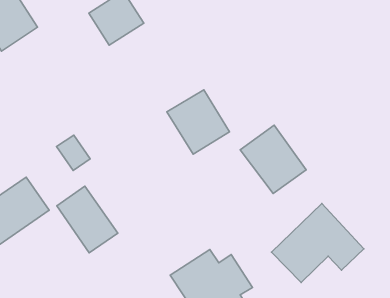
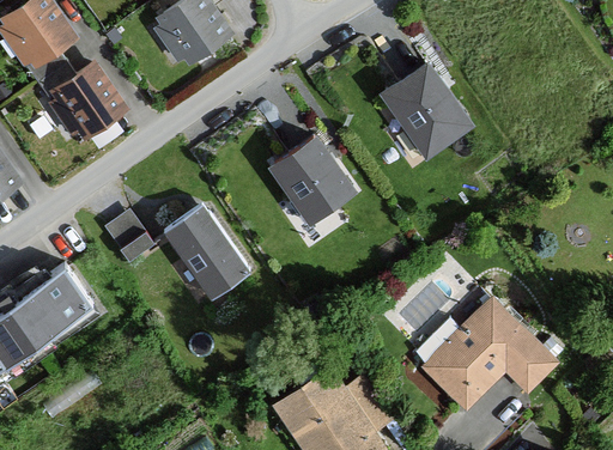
building: none -> [43,59,129,144]
building: [240,125,306,194] -> [378,60,474,159]
building: [57,186,118,253] -> [162,205,250,302]

